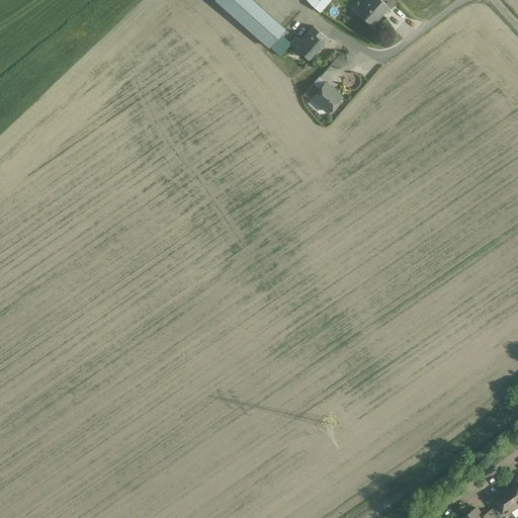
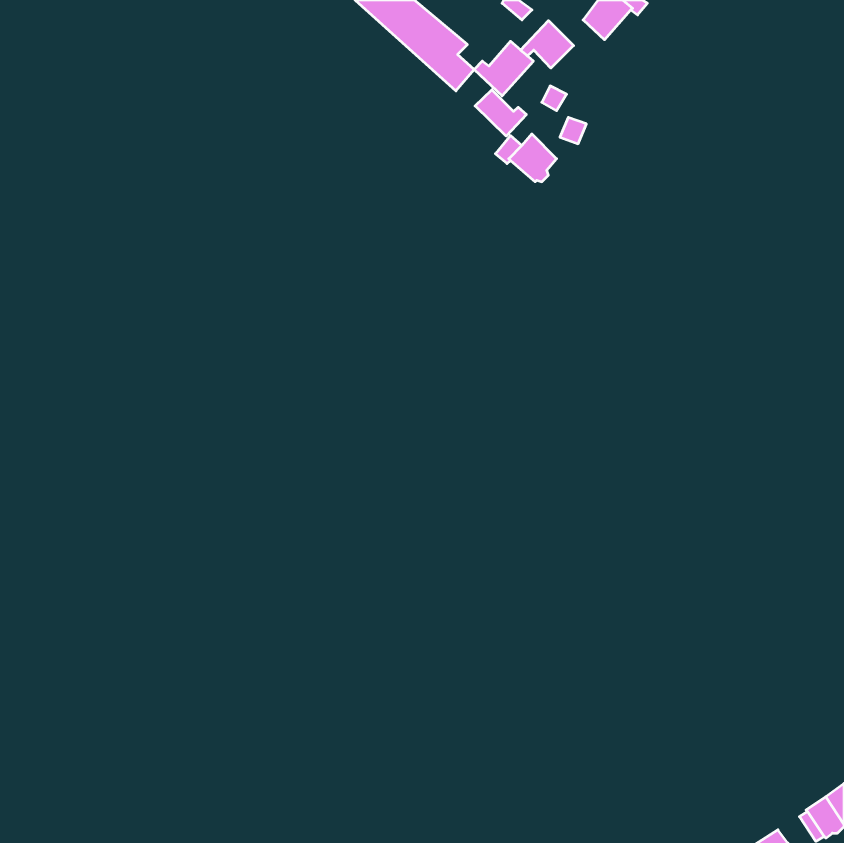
building: none -> [521,21,574,68]
building: none -> [475,90,526,136]

